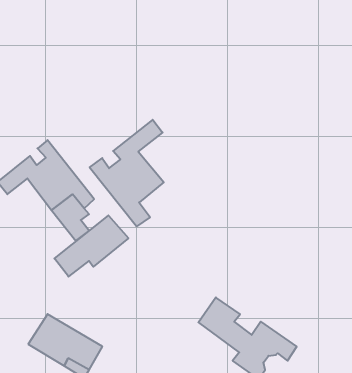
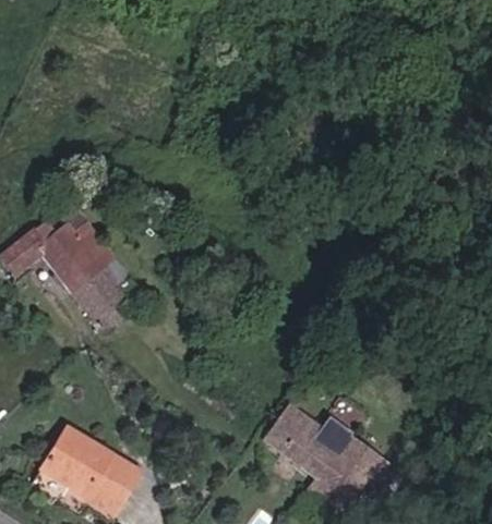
building: [90,120,164,226] -> none
building: [54,215,128,277] -> none

